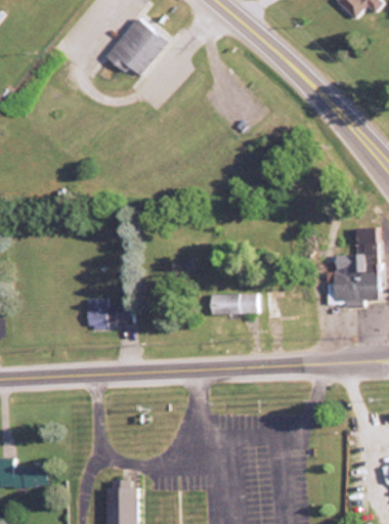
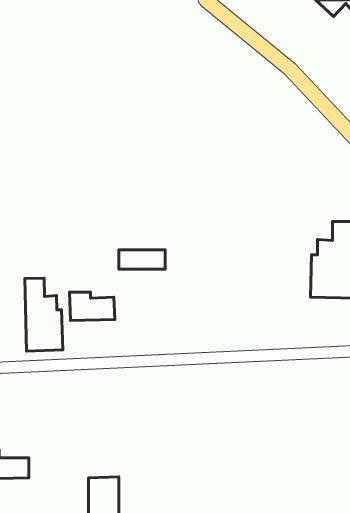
building: [104,16,166,76] -> none
building: none -> [25,278,63,351]
building: [211,295,258,314] -> [119,250,165,269]

